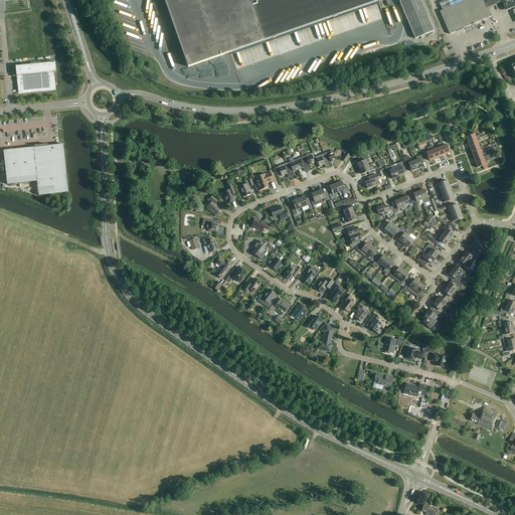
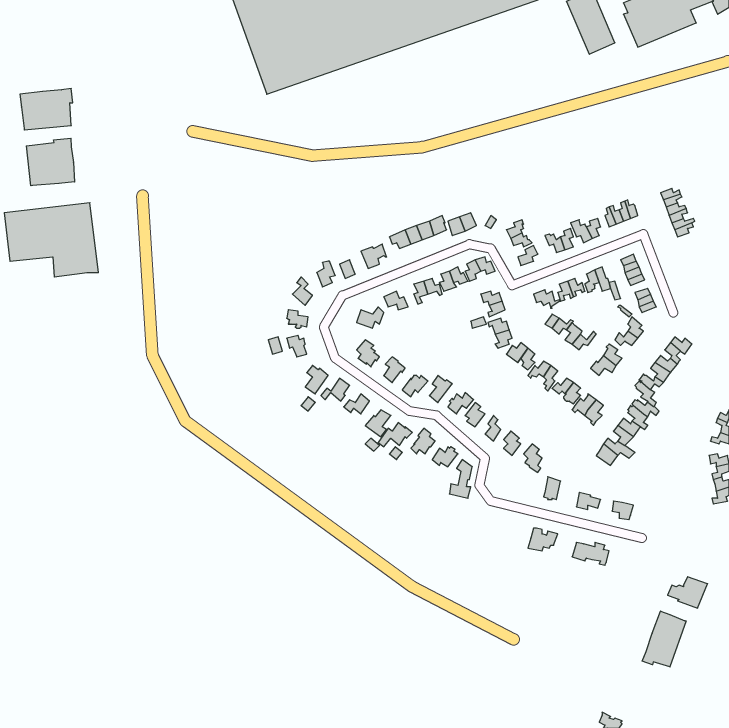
building: none -> [26,138,75,186]
building: none -> [642,611,686,667]

